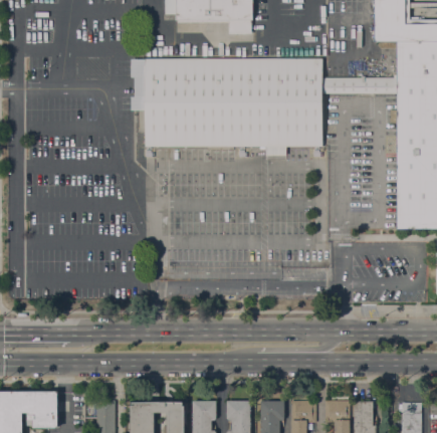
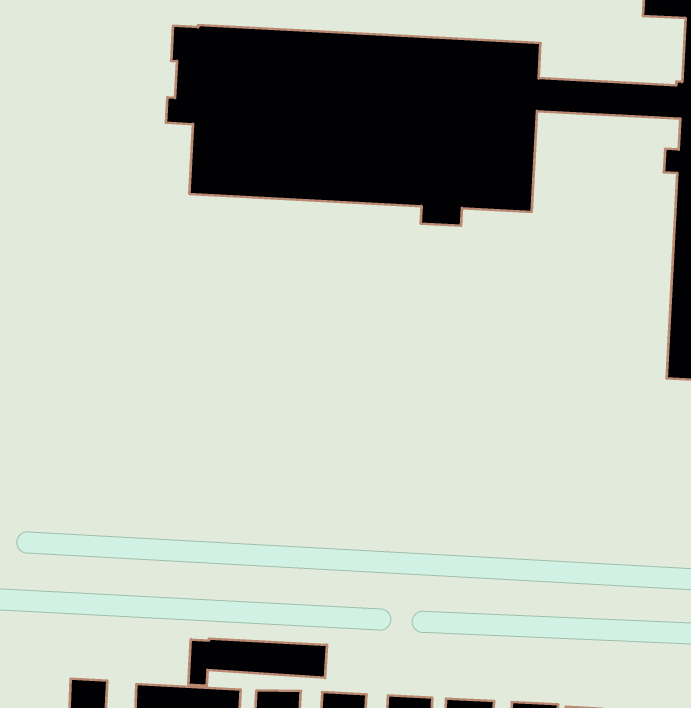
building: none -> [189,639,327,686]

